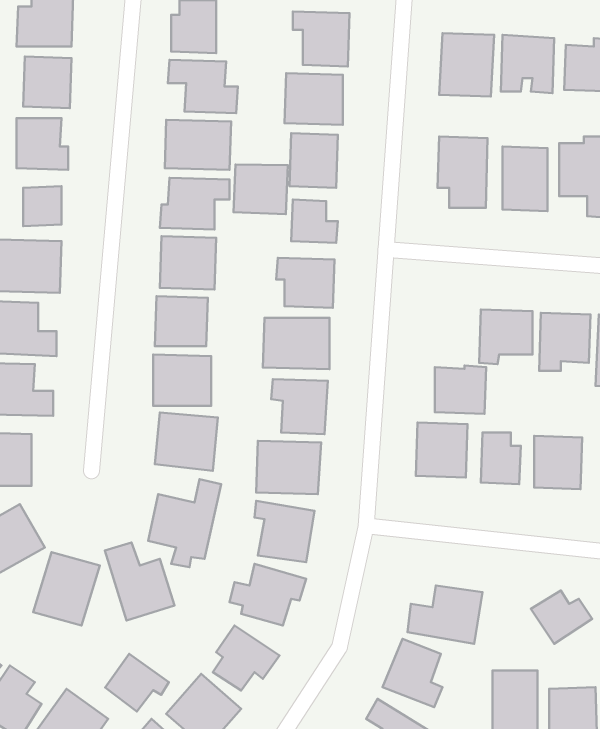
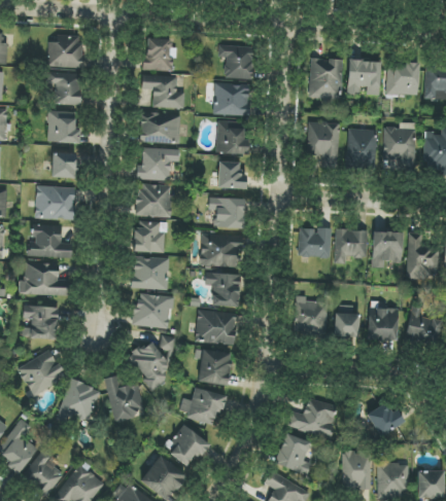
building: [233,165,288,214] -> none
building: [435,365,486,414] -> [299,227,331,257]
building: [105,654,169,711] -> none

